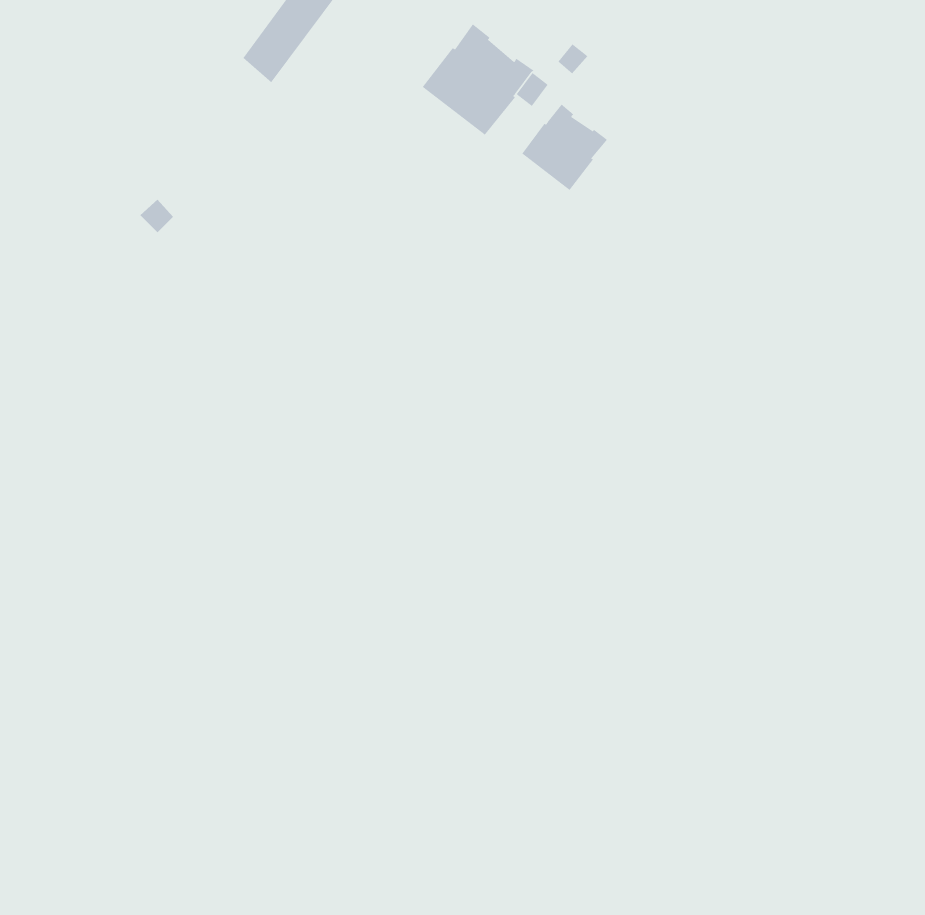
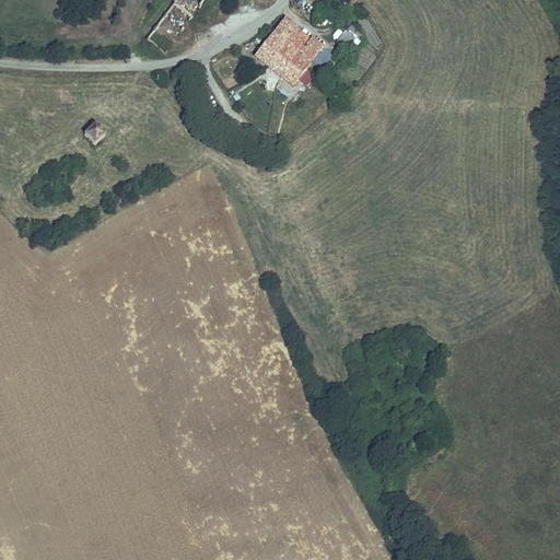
building: [521,103,608,191] -> none

